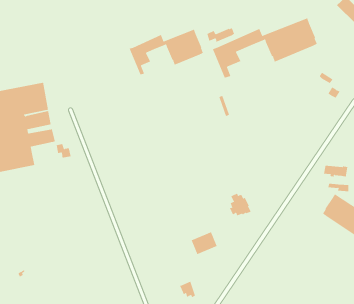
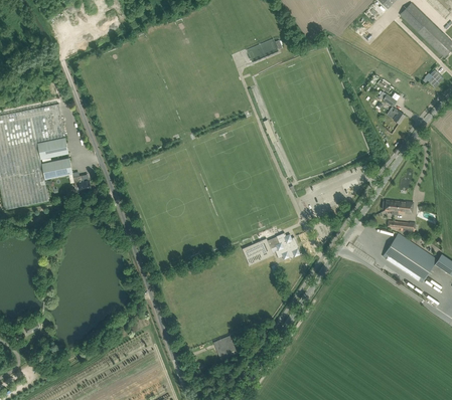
building: [212,17,317,78] -> none
building: [129,29,204,75] -> none
building: [191,232,218,255] -> [243,238,274,265]

